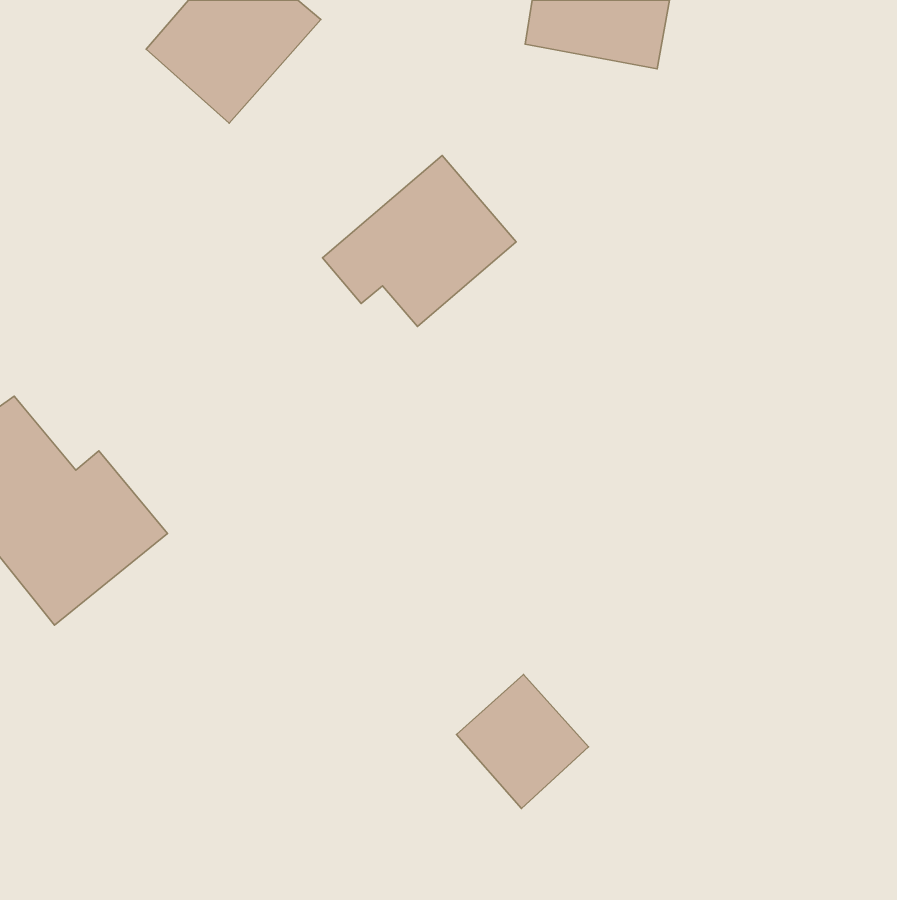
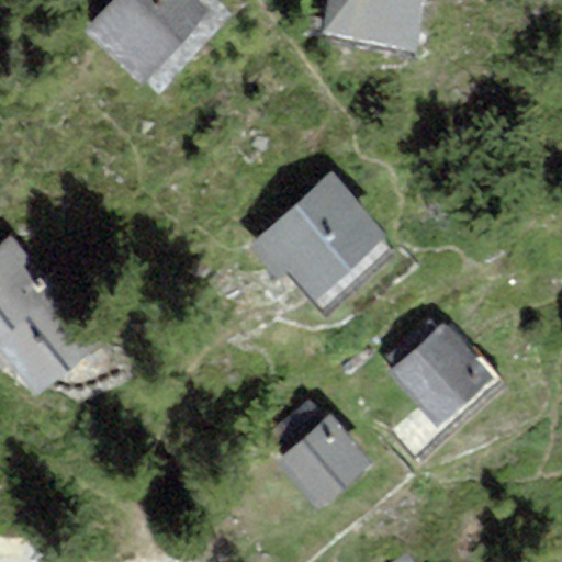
building: [322,156,516,326] -> [258,181,379,288]
building: none -> [393,328,484,418]

